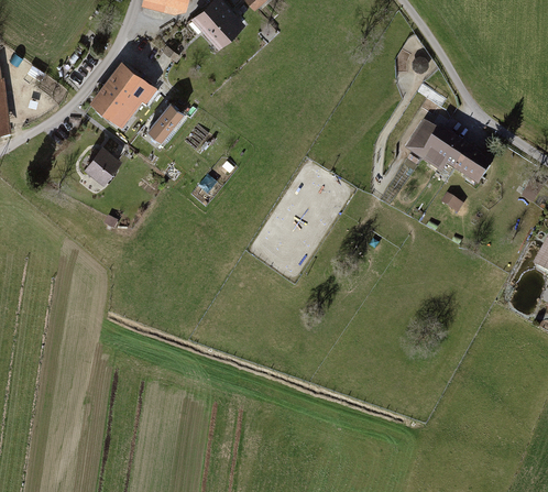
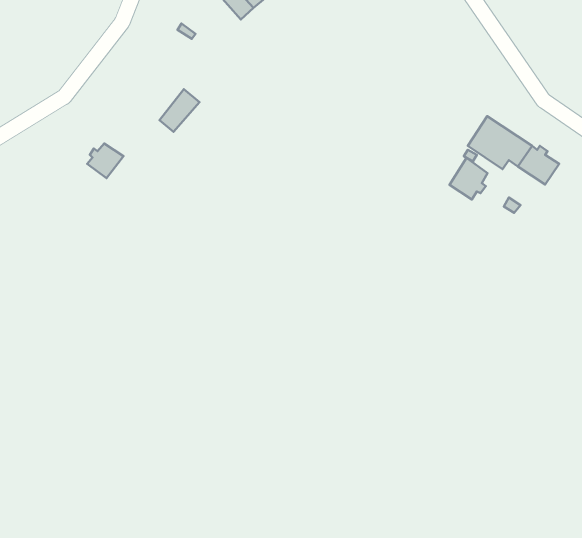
building: [94,64,154,123] -> none
building: none -> [450,158,488,200]

